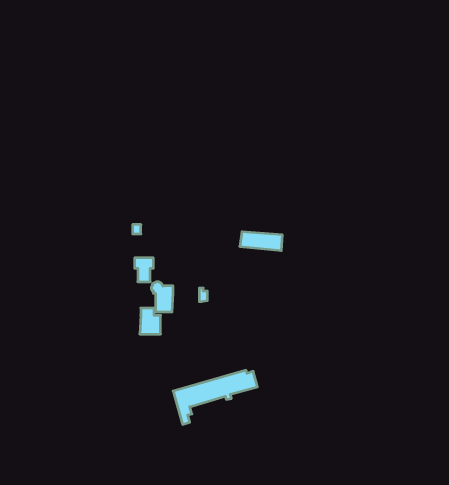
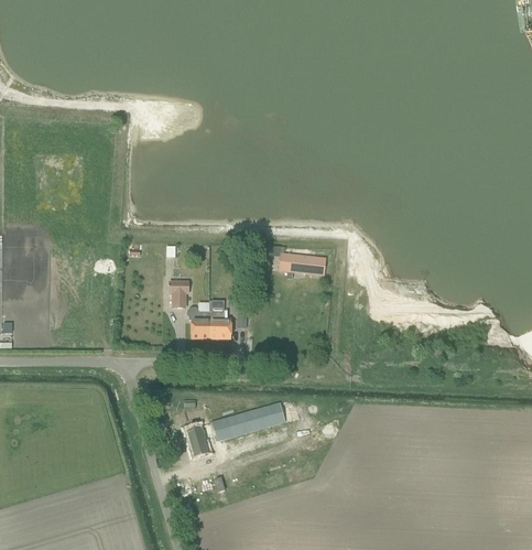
building: [140,308,161,334] -> [208,311,230,338]
building: none -> [184,424,208,457]

